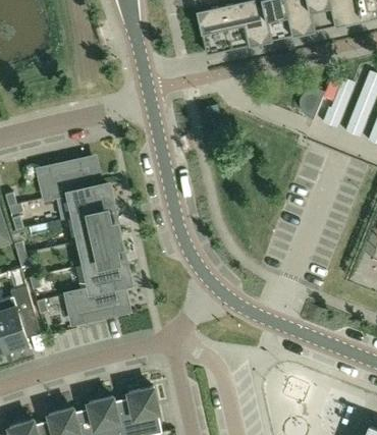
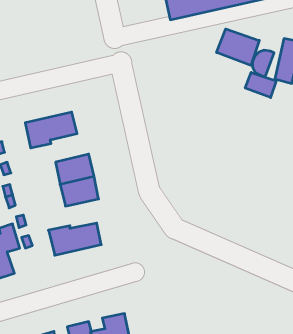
building: none -> [217,29,259,65]
building: none -> [245,72,276,98]
building: [68,183,112,216] -> none
building: [86,258,128,291] -> none

